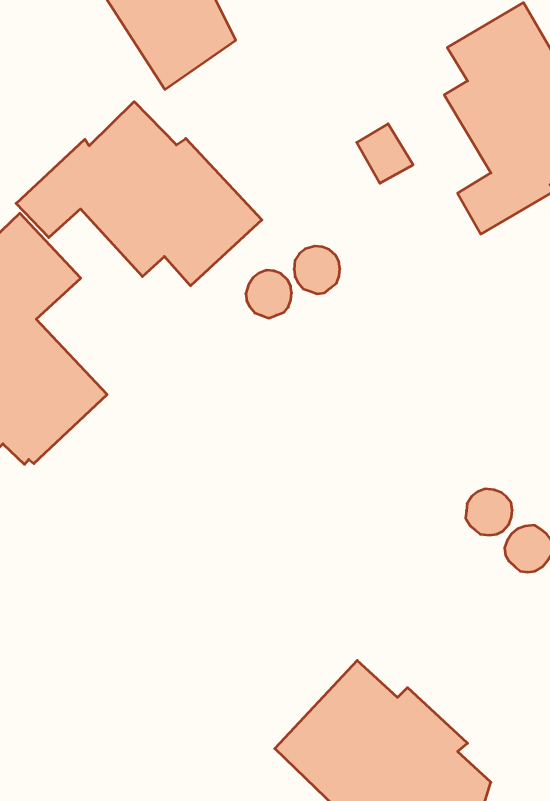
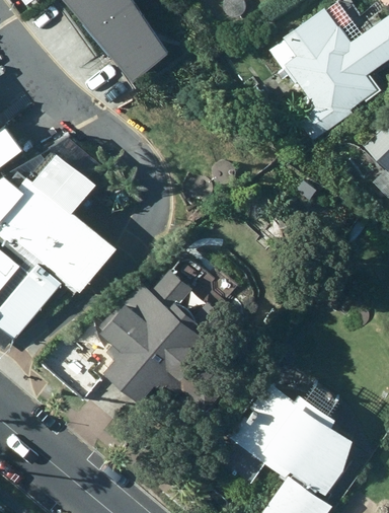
building: [16,102,262,286] -> none
building: none -> [100,272,219,402]

